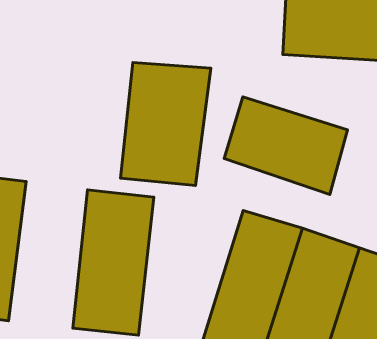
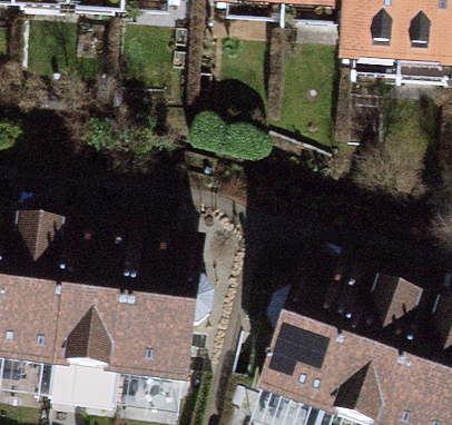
building: [120,62,211,185] -> none
building: [224,97,347,194] -> none
building: none -> [48,225,132,382]

